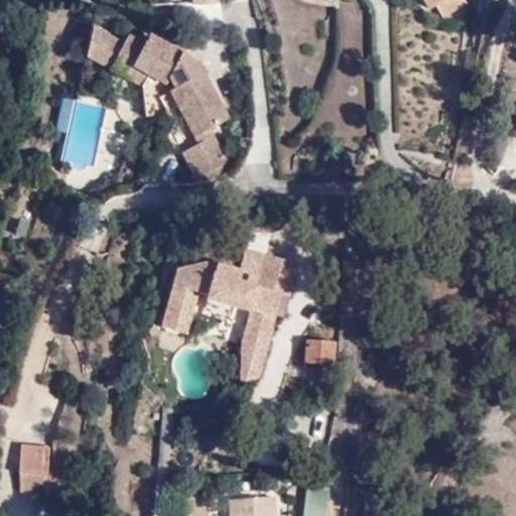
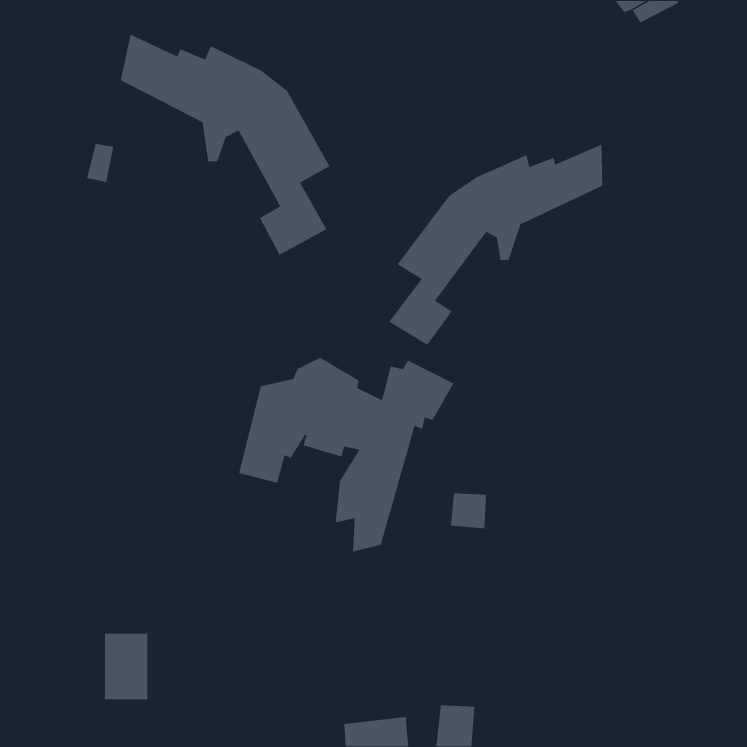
building: none -> [388,144,603,346]
building: [17,443,47,490] -> [104,633,148,700]

